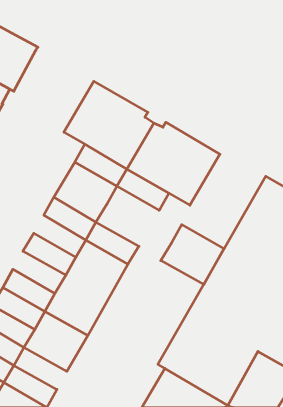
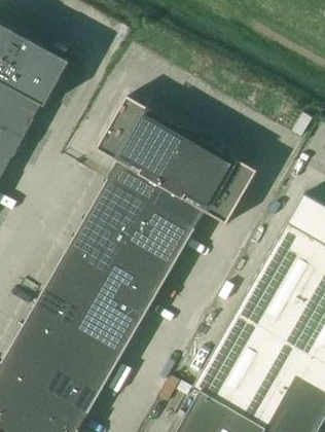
building: none -> [65,233,118,277]
building: [161,225,224,285] -> [129,204,193,265]
building: none -> [43,271,98,314]
building: none -> [44,369,99,412]

